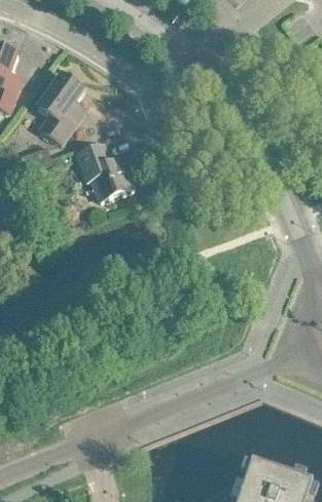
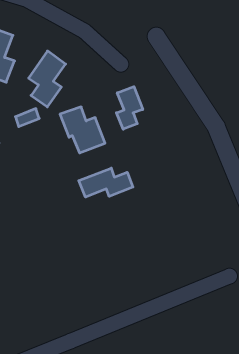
building: none -> [116,87,143,129]
building: none -> [79,168,133,197]

